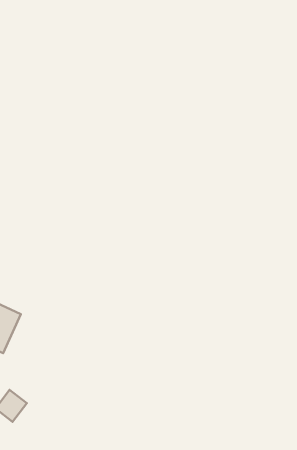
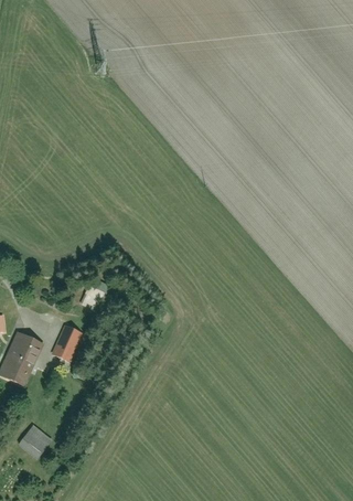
building: none -> [52,324,81,361]

